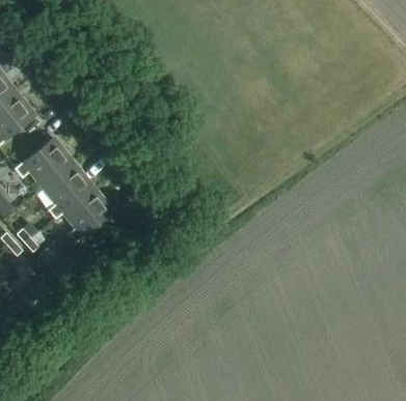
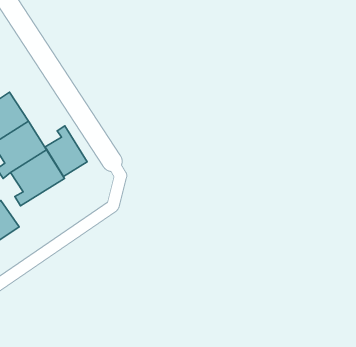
building: none -> [45,126,87,177]

